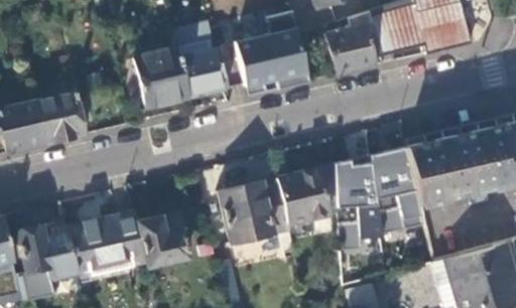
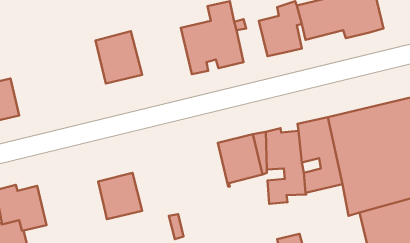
building: [171,18,225,97] -> none
building: [35,92,86,144] -> none
building: [219,176,296,253] -> none
building: [67,210,146,273] -> none

